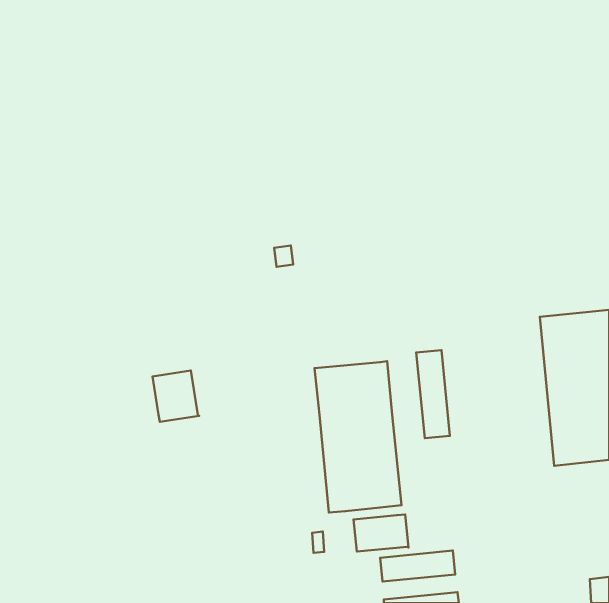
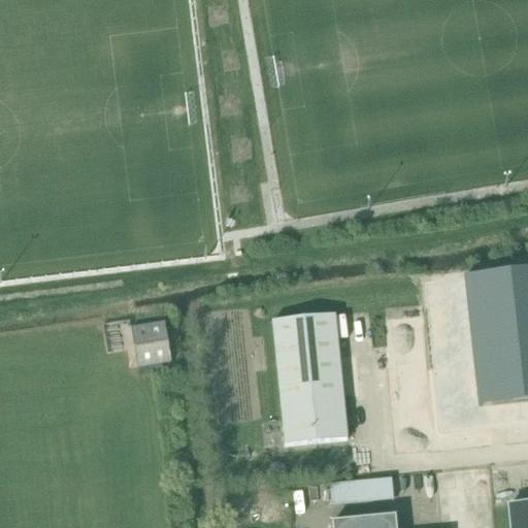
building: [416,350,450,438] -> none
building: [354,514,409,552] -> none

